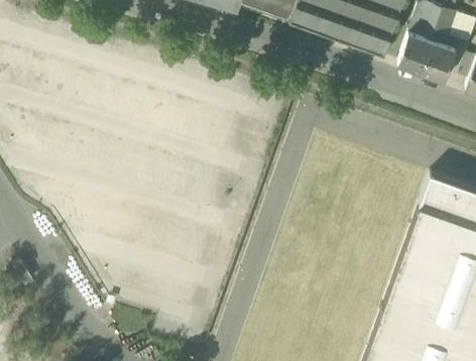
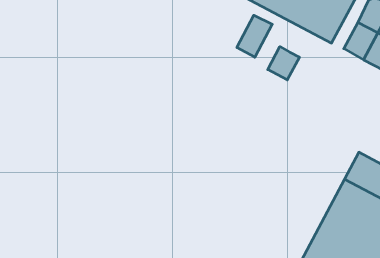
building: none -> [237,15,272,57]
building: none -> [268,47,299,80]

